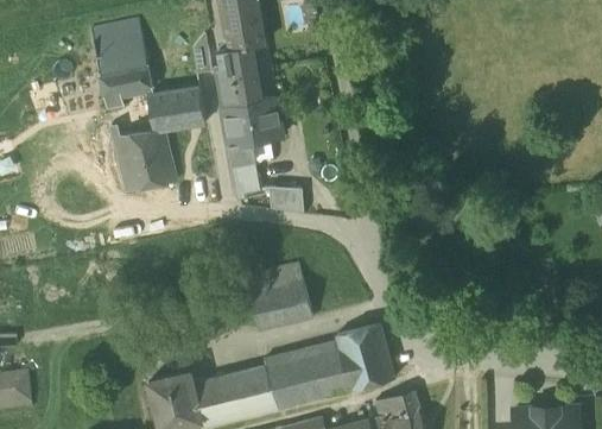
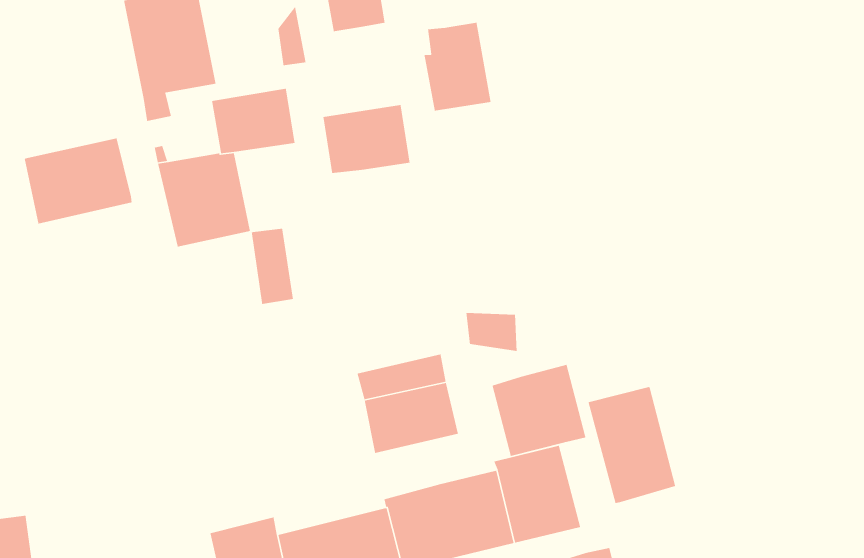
building: [216,46,261,106] -> [423,22,492,111]
building: none -> [24,138,133,224]
building: [228,141,256,193] -> [251,228,294,305]
building: [270,187,304,213] -> [465,312,518,352]
building: none -> [492,364,587,457]
building: none -> [587,386,676,504]

